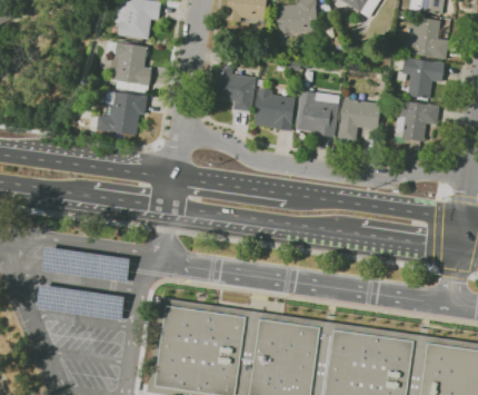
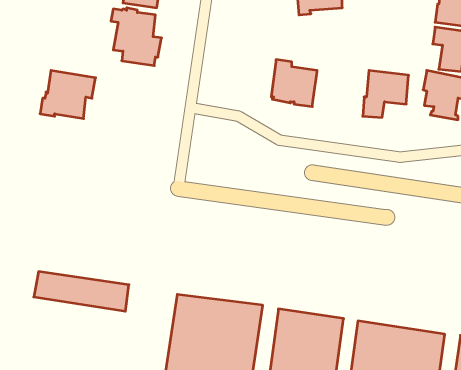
building: [213,63,257,111] -> none
building: [97,90,148,135] -> [40,70,96,119]
building: [296,91,340,137] -> none
building: [40,247,129,283] -> none

